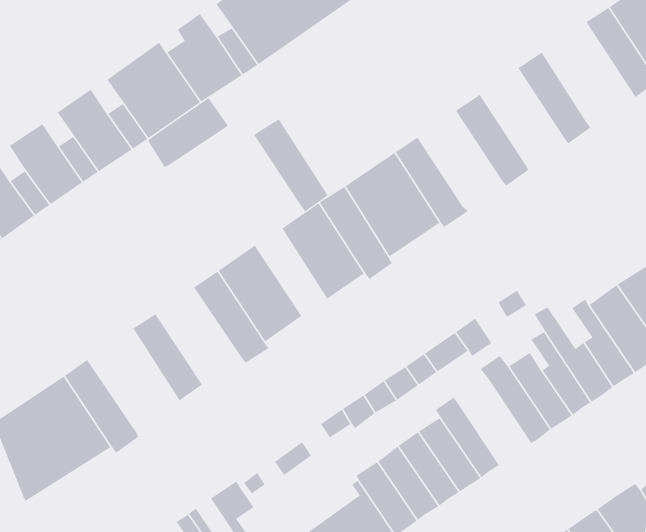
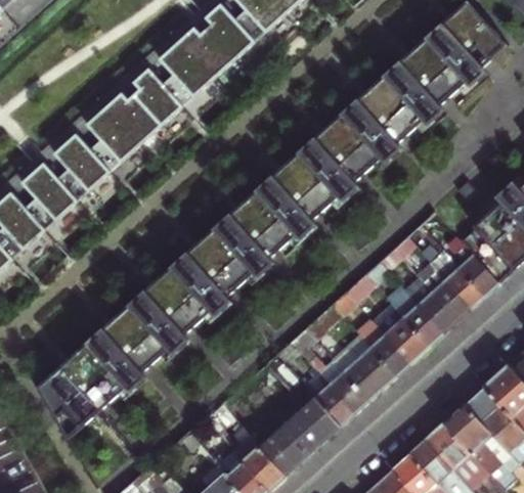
building: none -> [398,37,466,108]
building: none -> [357,77,422,145]
building: [147,97,229,168] -> none
building: none -> [316,114,381,182]
building: [253,119,328,212] -> [209,216,269,281]
building: none -> [143,267,210,337]
building: none -> [98,303,169,376]
building: none -> [370,306,428,366]

